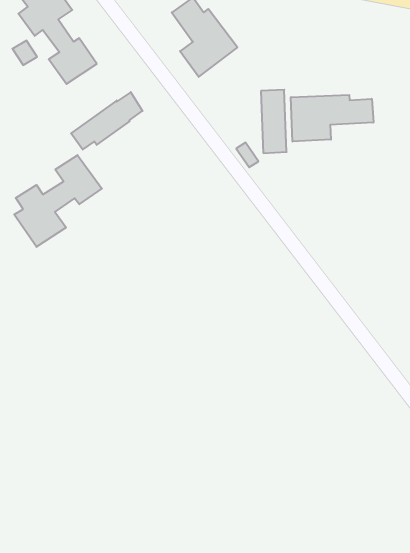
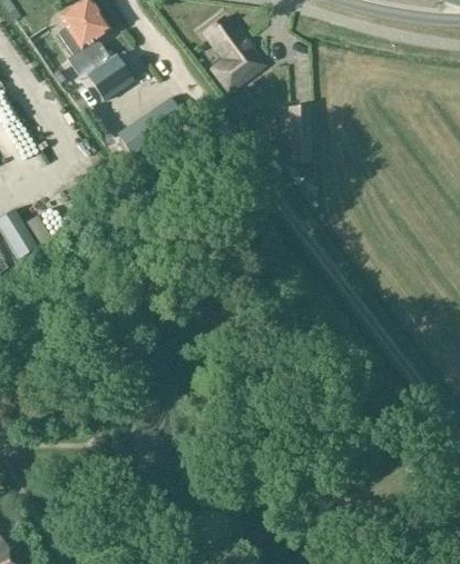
building: [291,95,373,142] -> none
building: [14,155,102,247] -> none

